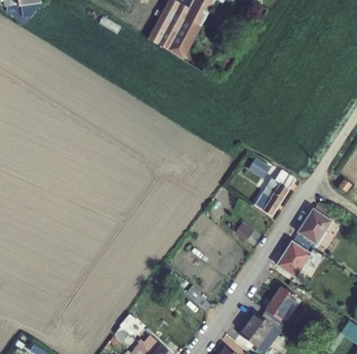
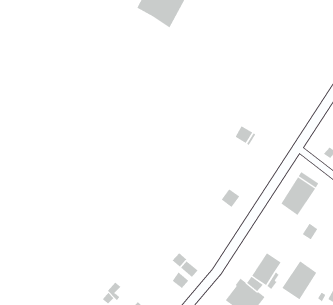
building: [253,169,294,215] -> none
building: [276,236,312,276] -> [282,261,317,300]

